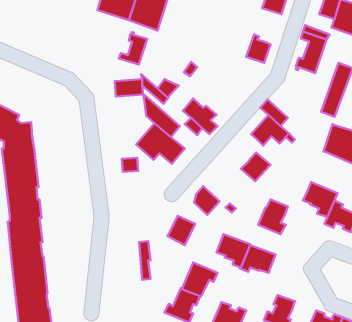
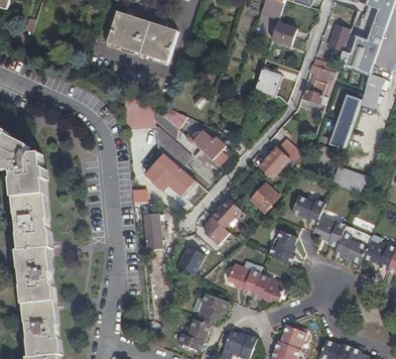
building: [119,32,147,65] -> none
building: none -> [289,194,324,225]
building: none -> [213,199,242,229]
building: none -> [143,213,165,247]

